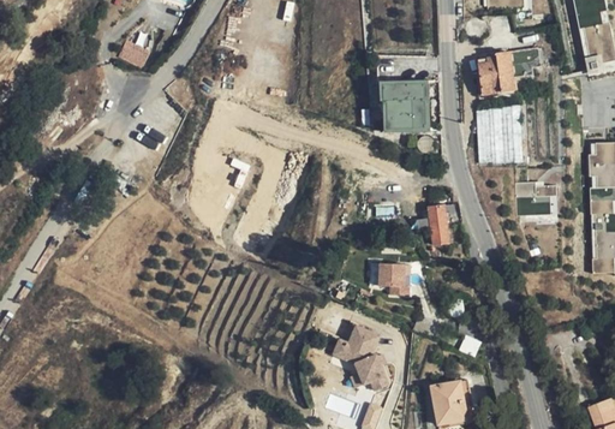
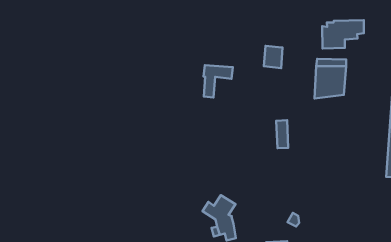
building: [382,83,423,130] -> [204,65,233,98]
building: [517,181,557,213] -> none
building: [375,266,406,296] -> none

